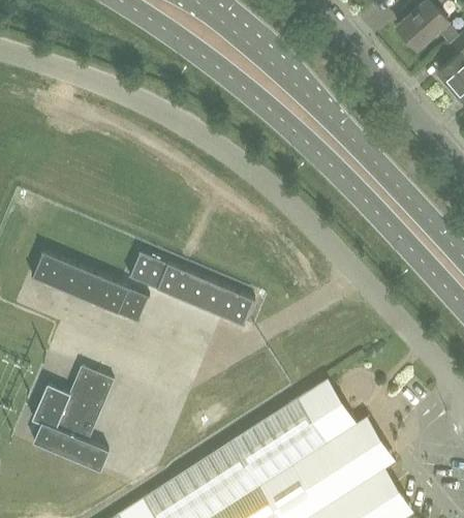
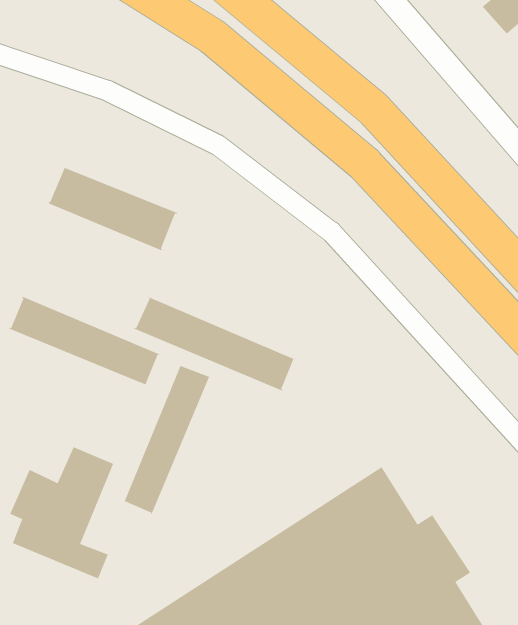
building: none -> [48,166,178,252]
building: none -> [123,363,211,515]

